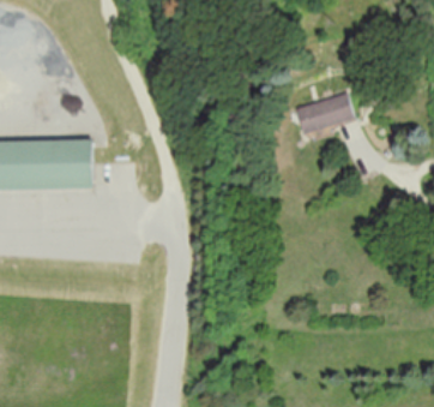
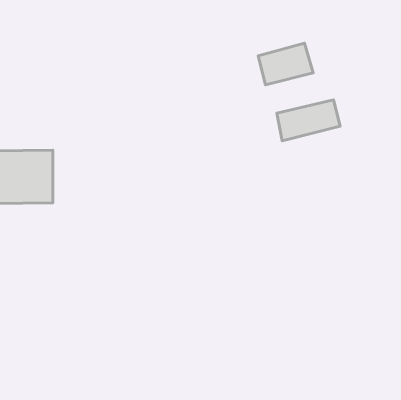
building: none -> [258,43,313,85]

